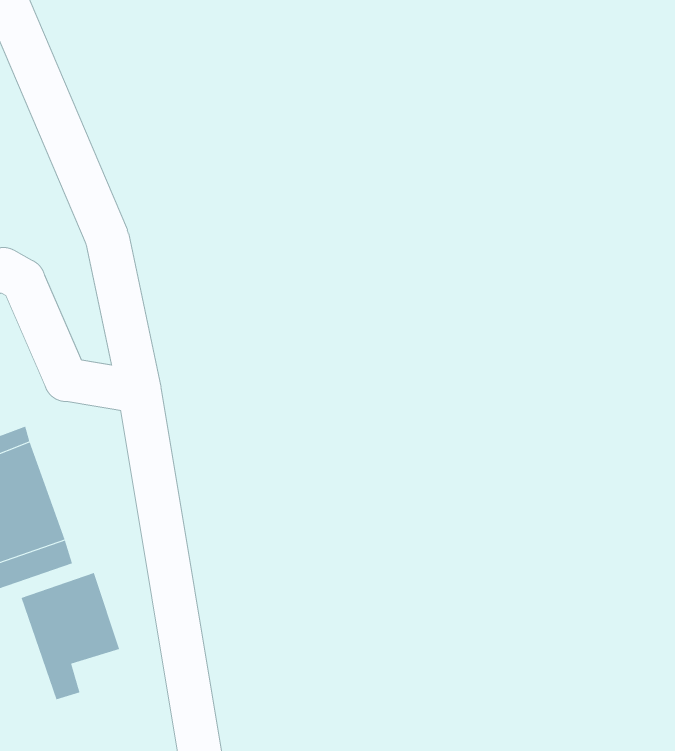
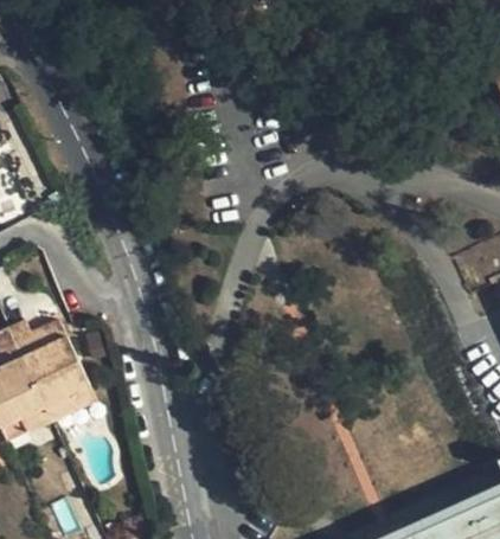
building: [21,572,120,700] -> none

